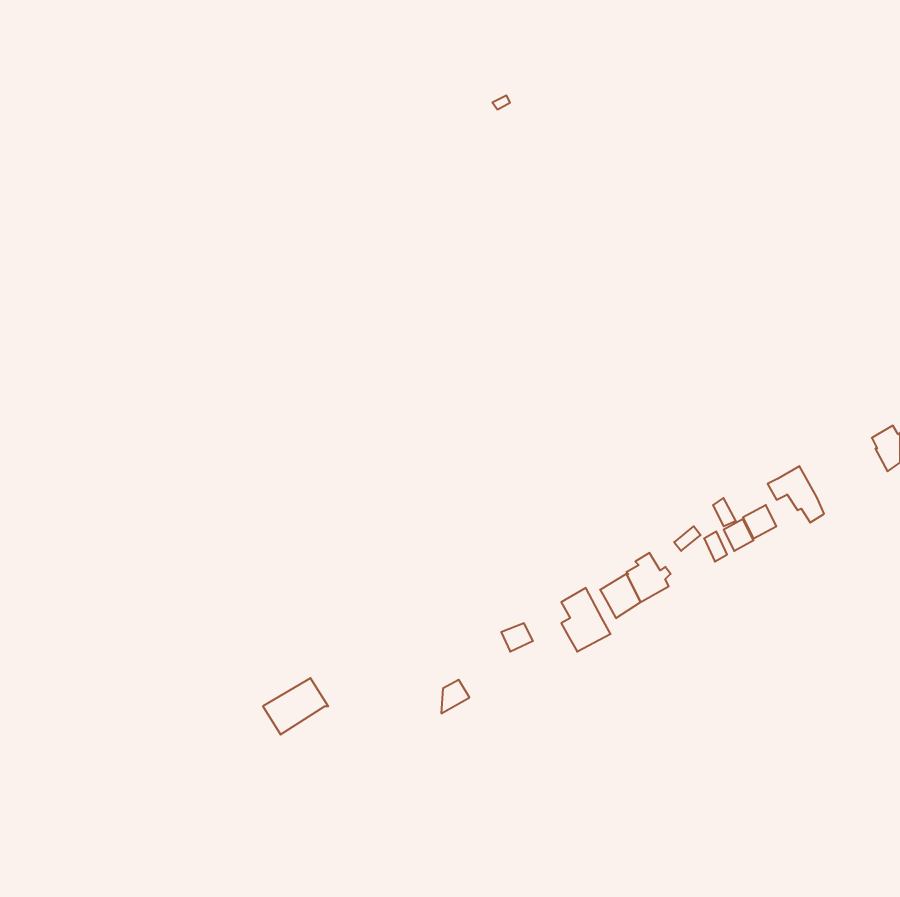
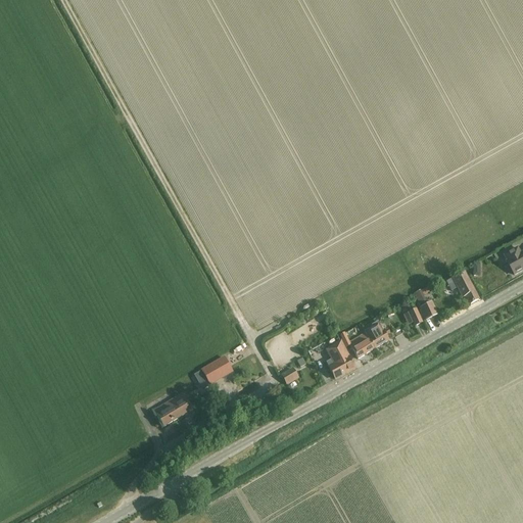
building: none -> [199,355,231,384]

